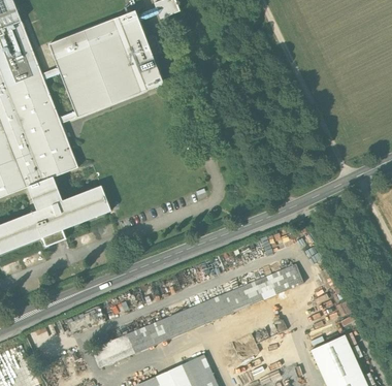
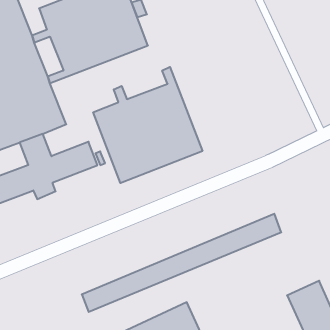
building: none -> [93,67,202,183]

